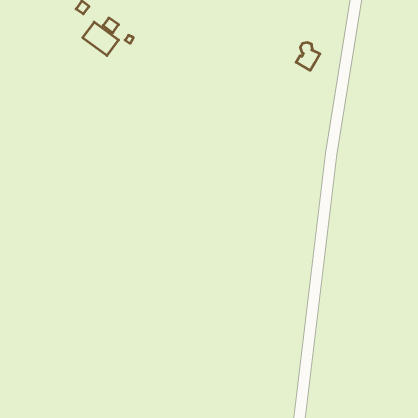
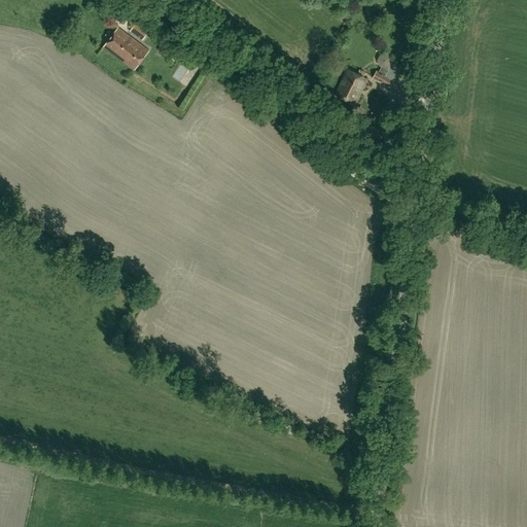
building: none -> [336,67,367,103]

